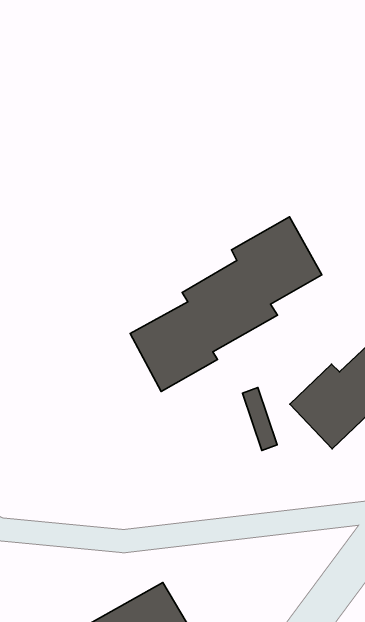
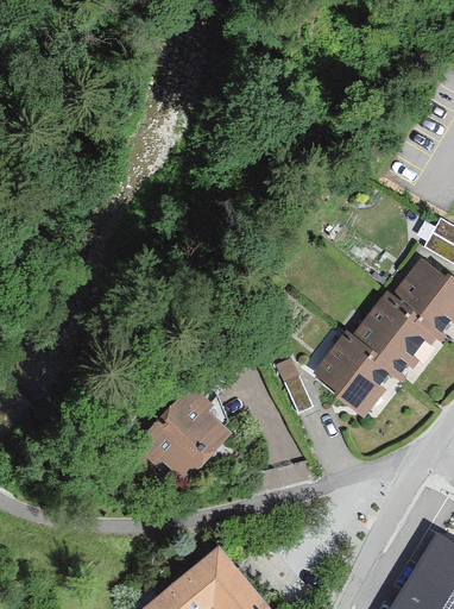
building: [130,217,322,391] -> none
building: none -> [143,393,221,470]

